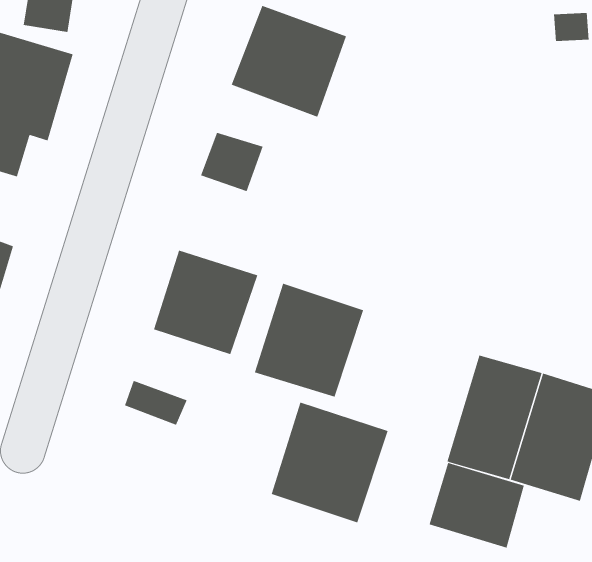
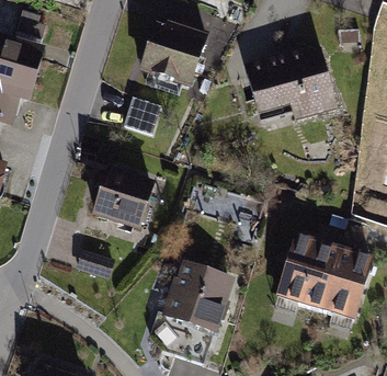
building: none -> [240,46,331,116]
building: [254,283,364,397] -> none
building: [429,462,524,549] -> none

